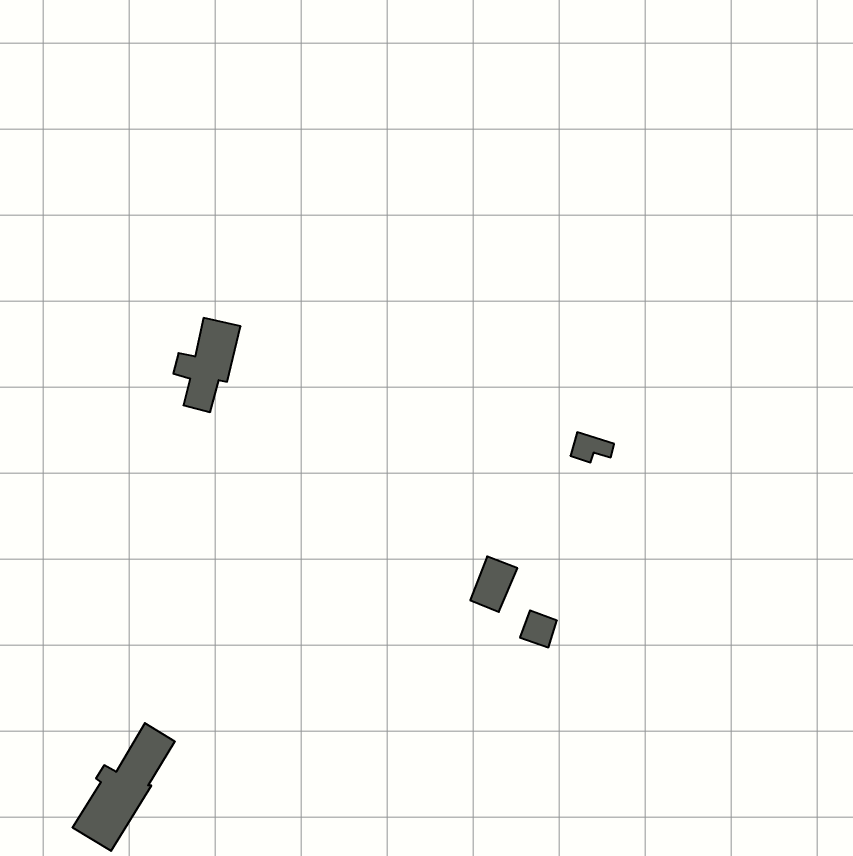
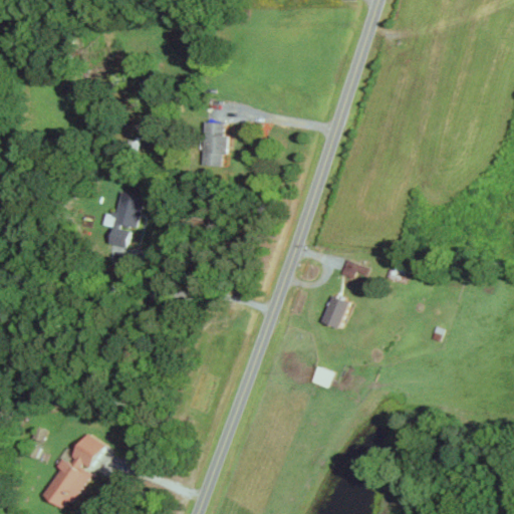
building: none -> [203,121,226,166]
building: [470,556,517,612] -> [321,295,349,328]

